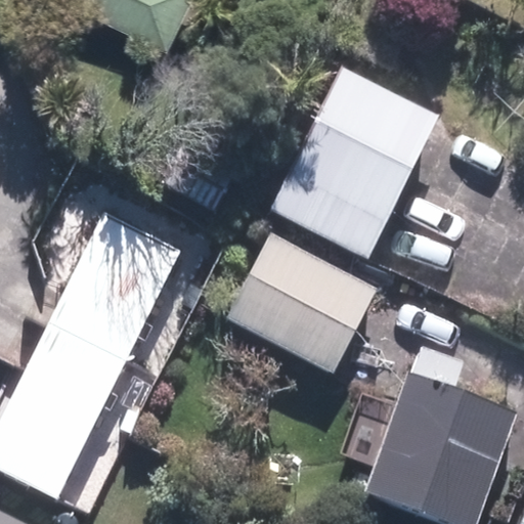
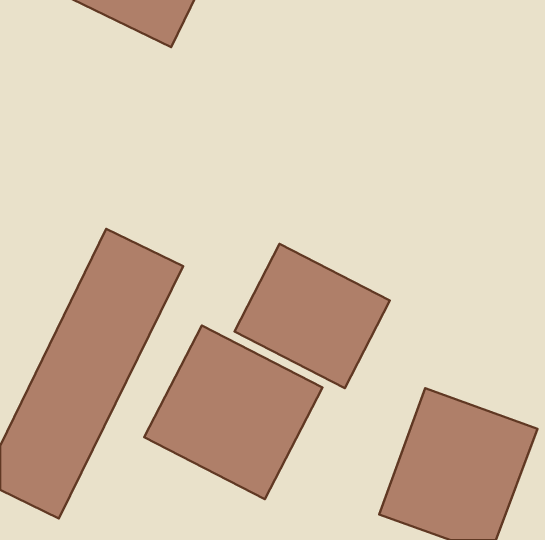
building: [269,69,438,258] -> none
building: none -> [144,325,323,499]

